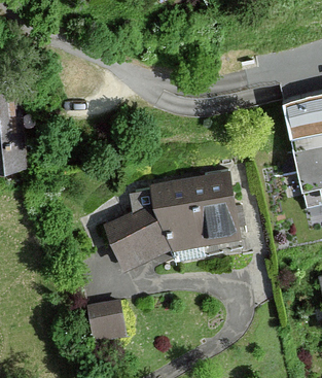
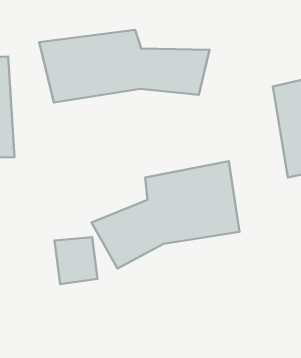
building: none -> [39,30,210,103]
building: [84,299,126,344] -> [55,237,98,284]

